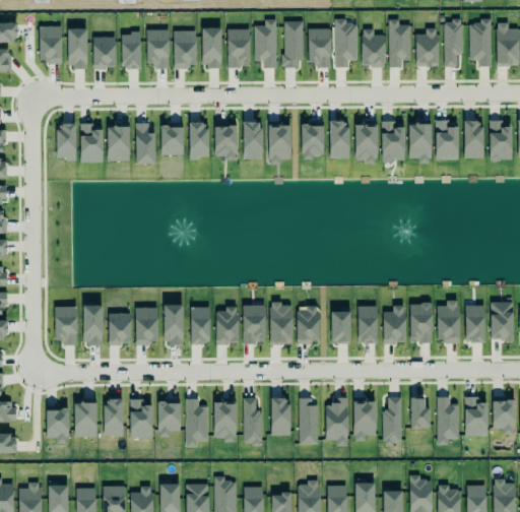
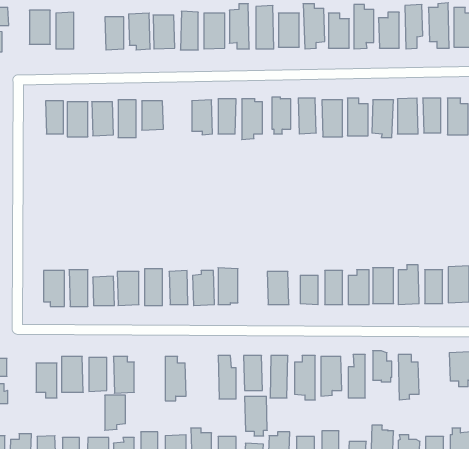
building: [92,38,116,68] -> none
building: [189,123,209,158] -> none
building: [269,304,292,345] -> none
building: [464,397,488,436] -> none
building: [212,398,237,441] -> [245,396,267,436]
building: [157,400,180,438] -> [105,395,125,430]

